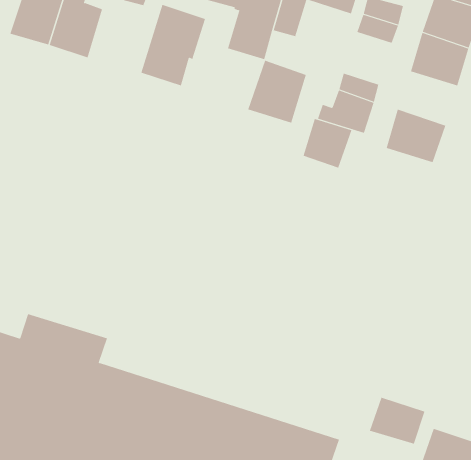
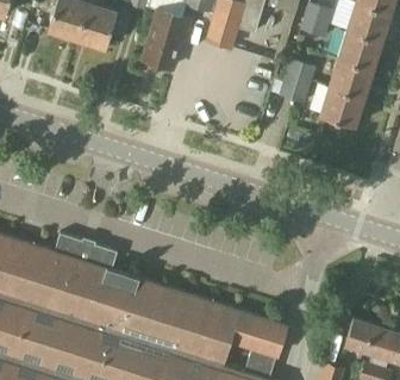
building: [248,60,306,124] -> none
building: none -> [329,58,373,98]
building: [303,118,352,169] -> none
building: [369,397,425,444] -> none

